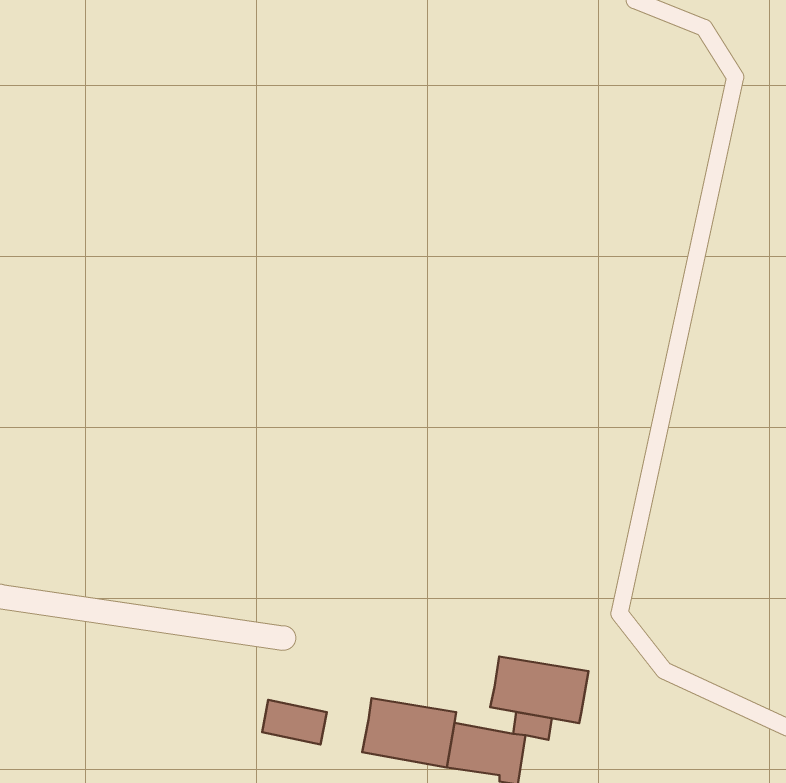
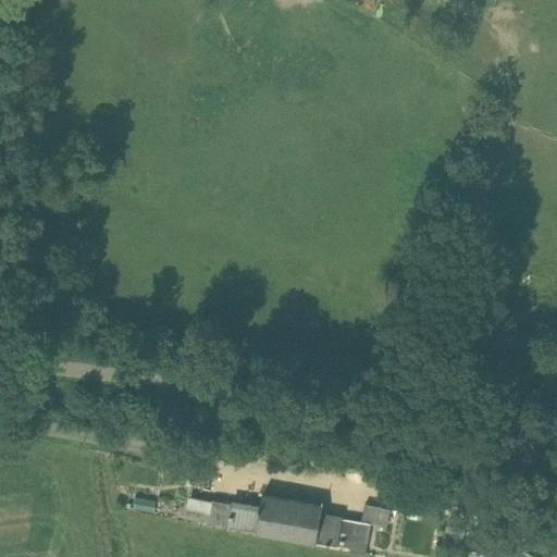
building: [490,657,588,723] -> none
building: none -> [227,506,261,534]

